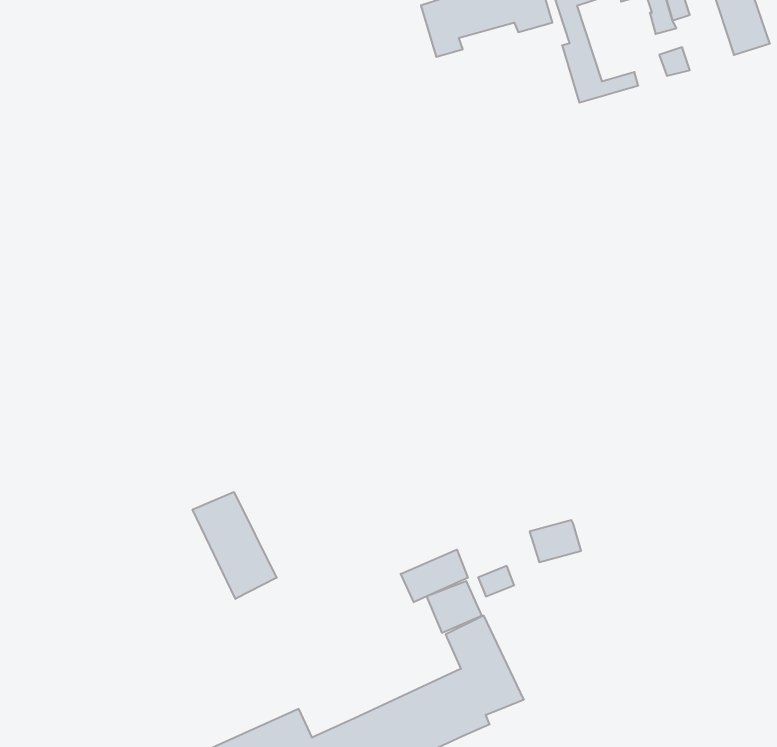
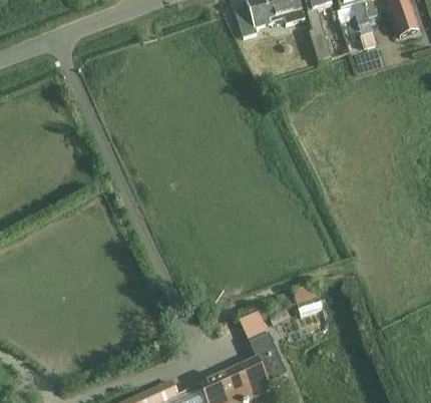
building: [193,492,277,599] -> none
building: [401,550,468,602] -> none

